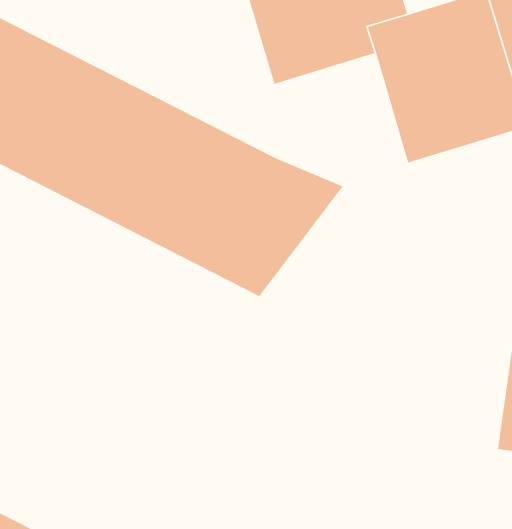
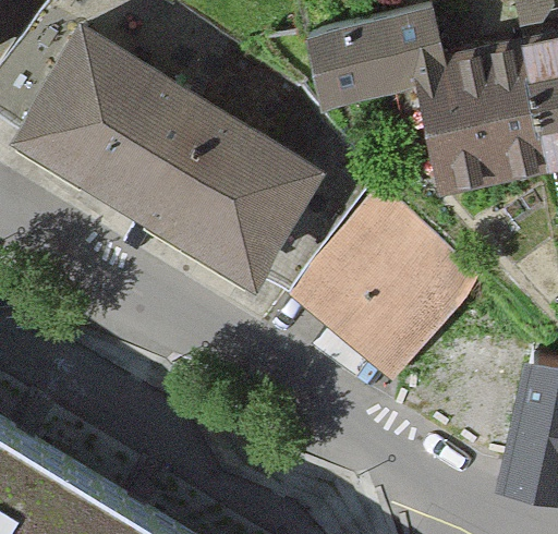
building: none -> [293,209,475,390]

